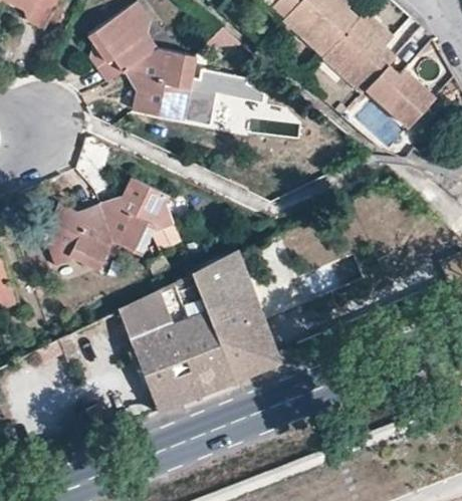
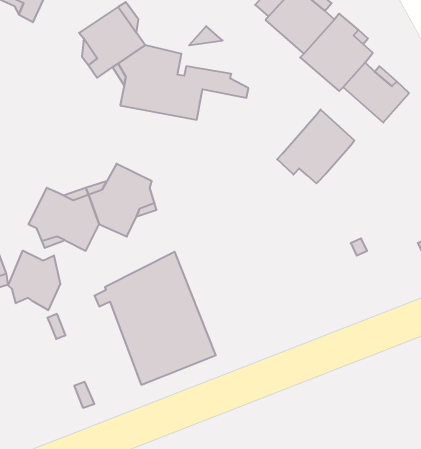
building: none -> [277,109,354,183]
building: [192,246,281,377] -> none
building: none -> [8,251,60,310]

